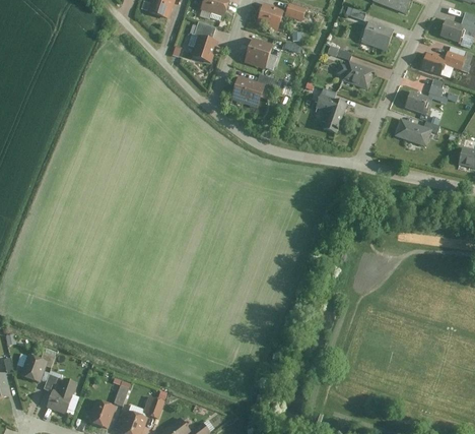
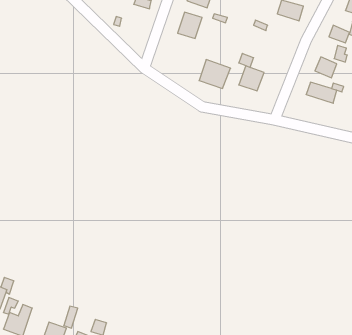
building: [192,35,218,63] -> none
building: [341,65,370,87] -> none
building: [230,74,267,108] -> [199,60,231,88]

